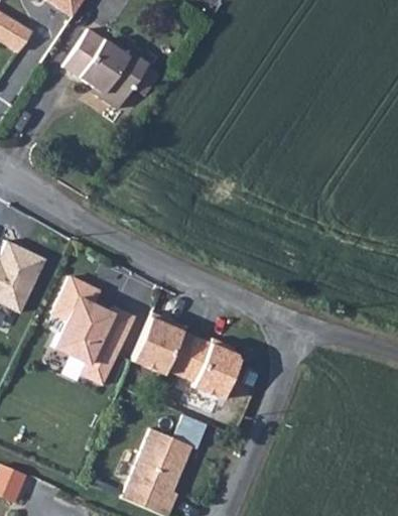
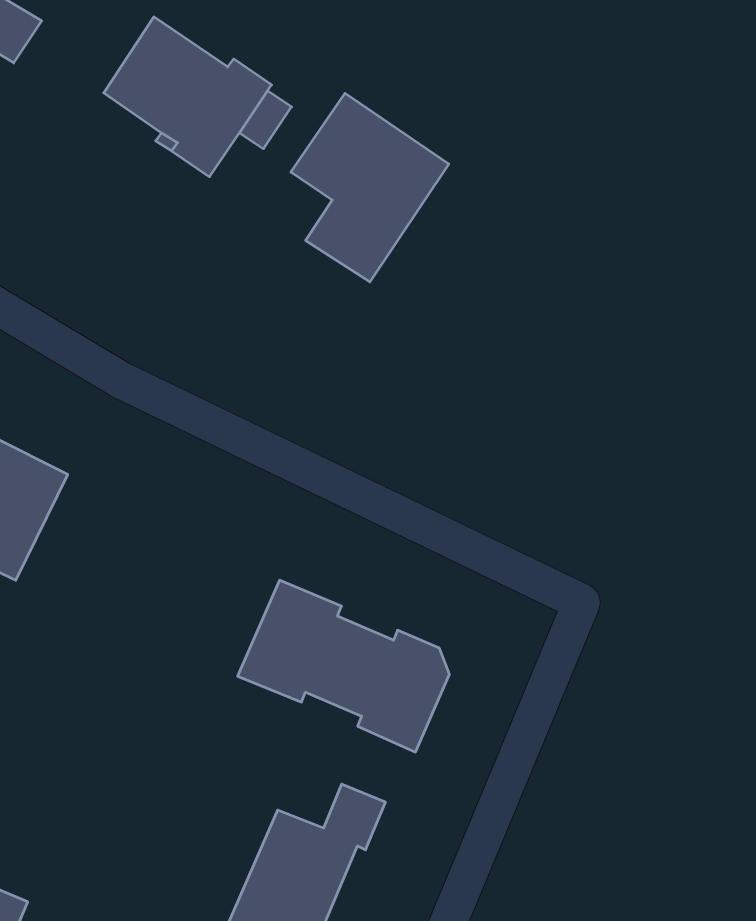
building: none -> [291,93,449,282]
building: [53,276,134,383] -> none

